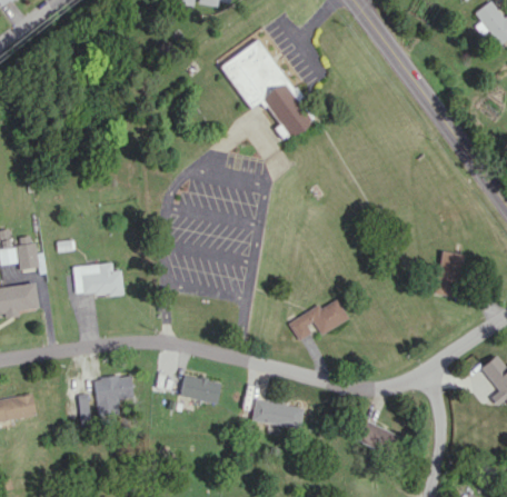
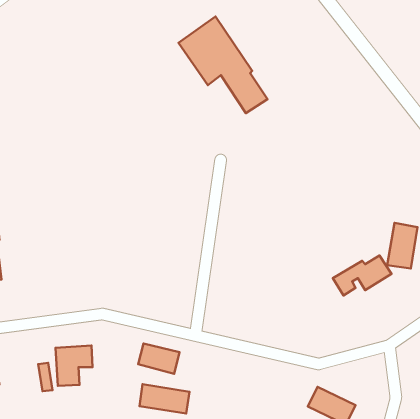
building: [72,262,123,297] -> none
building: [288,299,348,340] -> [333,255,391,296]
building: [251,399,302,429] -> [139,384,189,414]

